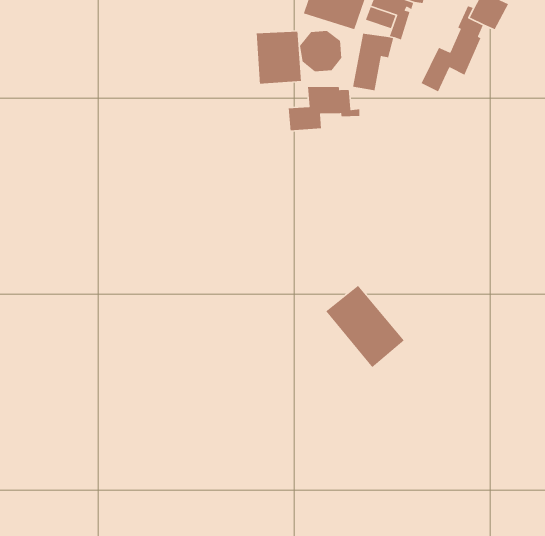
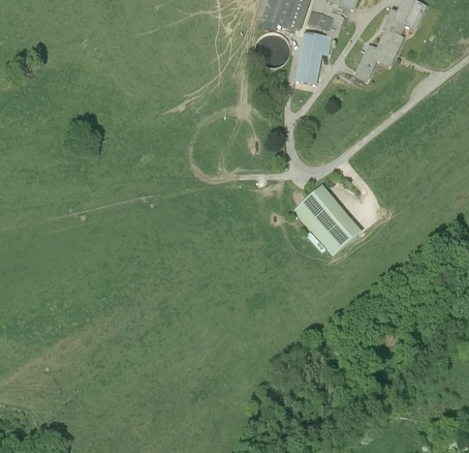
building: [256,31,302,84] -> none
building: [288,86,360,131] -> none
building: [325,285,405,368] -> [294,186,359,254]

